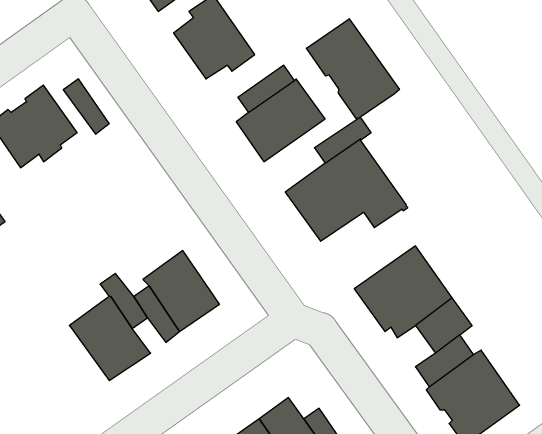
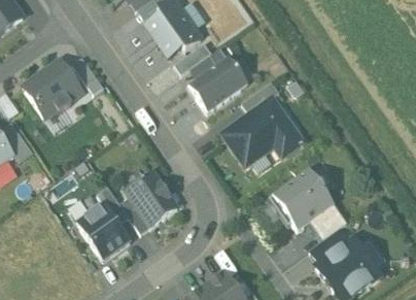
building: [306,19,399,119] -> none

